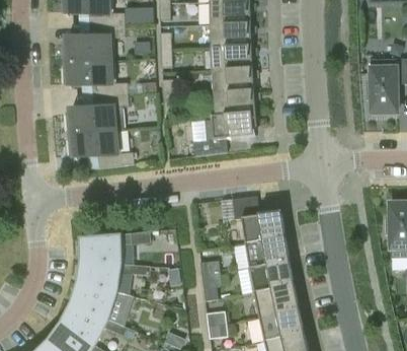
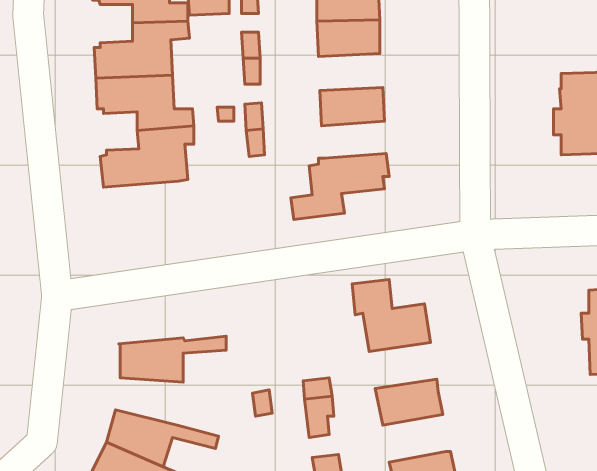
building: [205,47,253,71] -> none
building: [213,91,255,116] -> none
building: [69,131,135,168] -> none
building: [244,237,289,268] -> none
building: [77,261,150,292] -> none
building: [253,285,298,317] -> none

